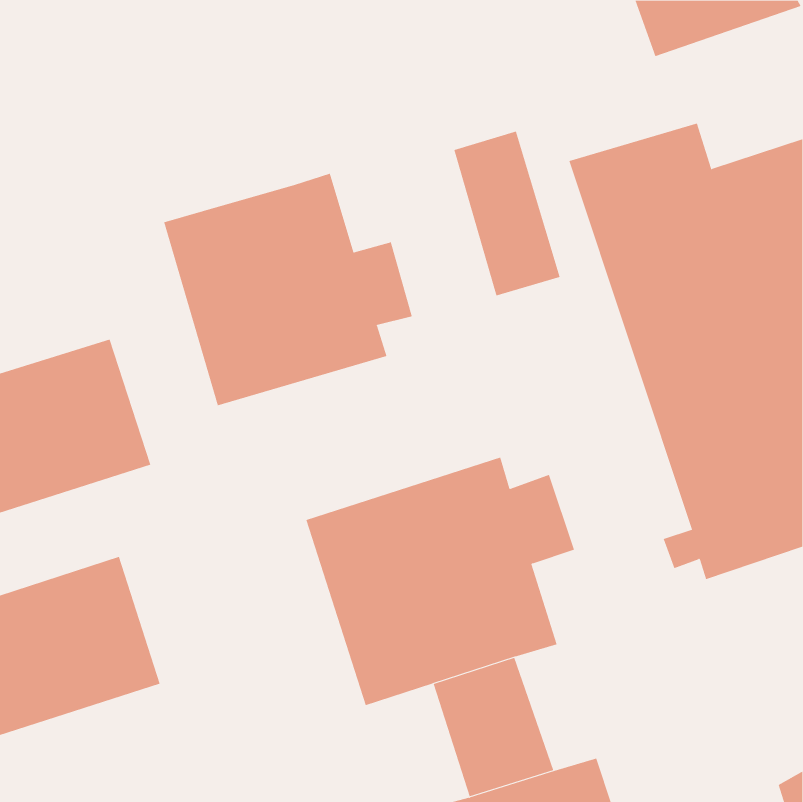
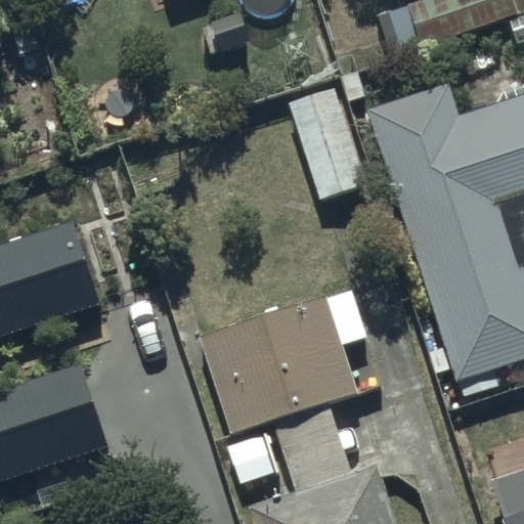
building: [164,173,412,406] -> none

